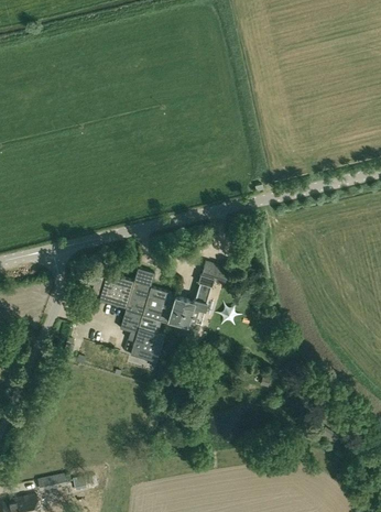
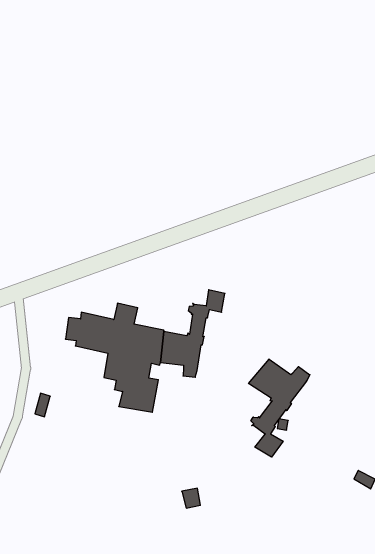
building: none -> [249,359,310,457]

